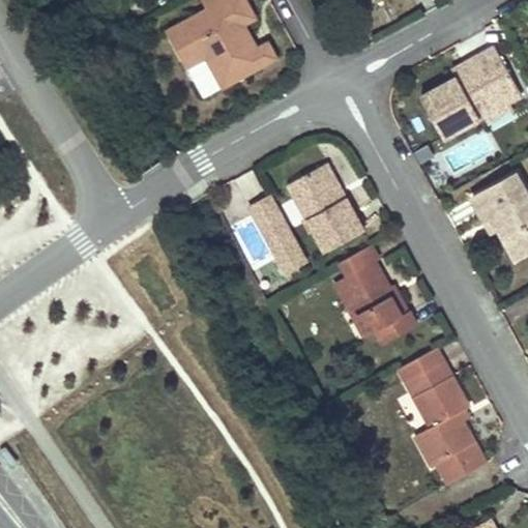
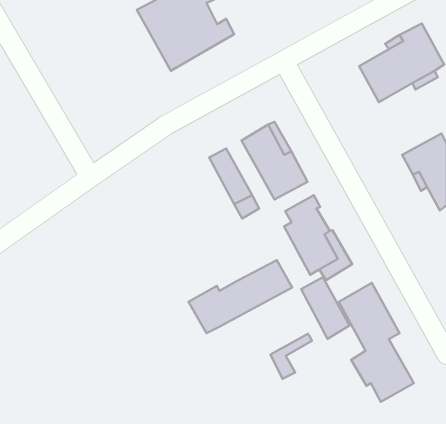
building: none -> [188,260,292,333]
building: none -> [301,277,350,339]
building: none -> [270,334,312,379]

